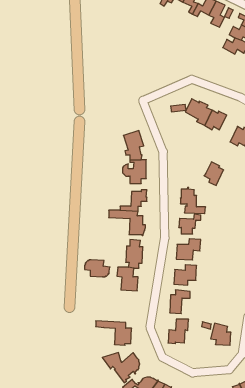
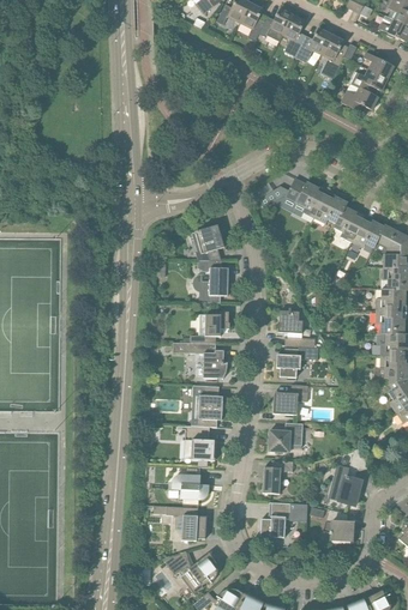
building: [204,162,224,185] -> [334,206,362,241]
building: [85,260,110,277] -> [172,473,209,499]
building: none -> [332,447,367,506]

